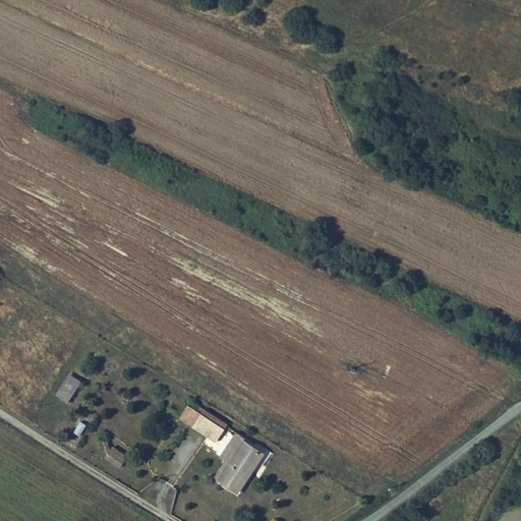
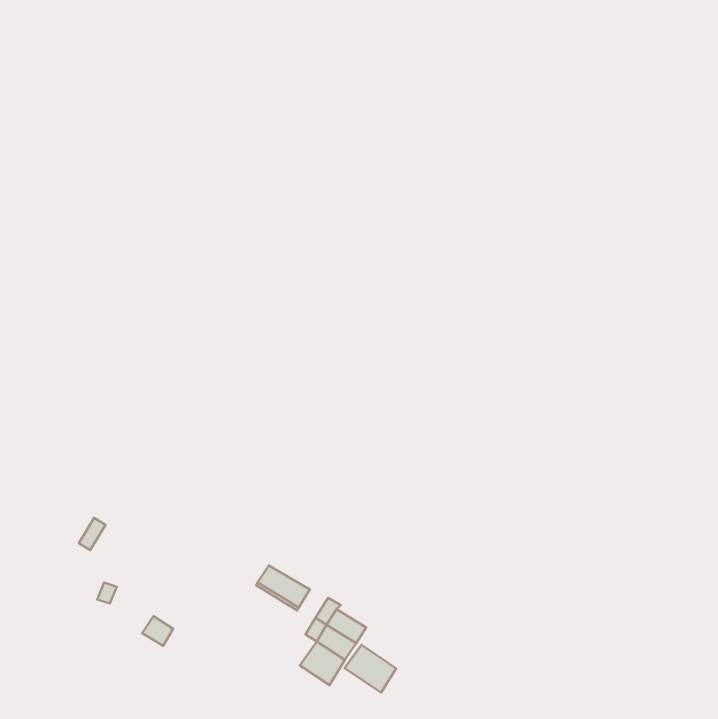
building: none -> [344,645,396,693]

